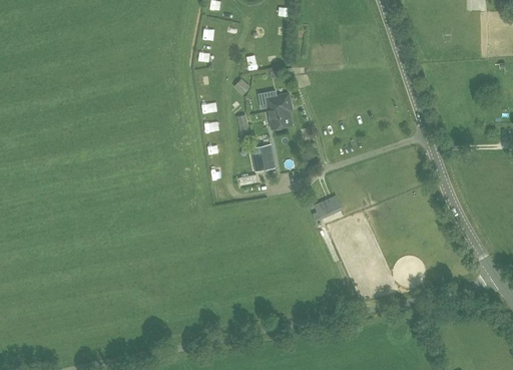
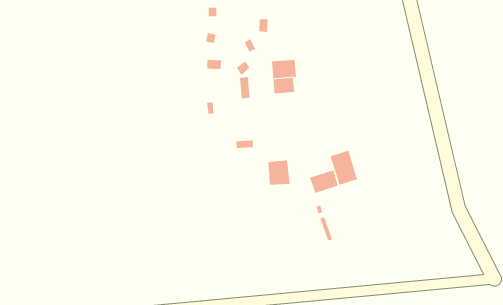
building: [251,144,276,170] -> [268,160,290,185]
building: none -> [330,150,358,186]

